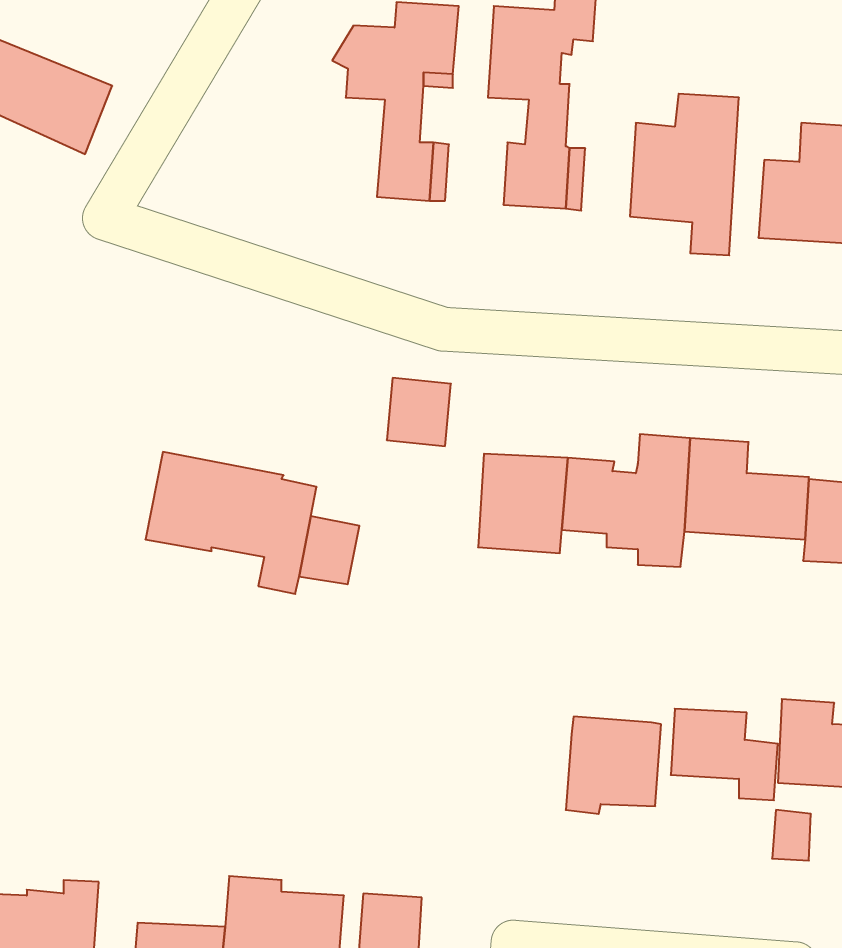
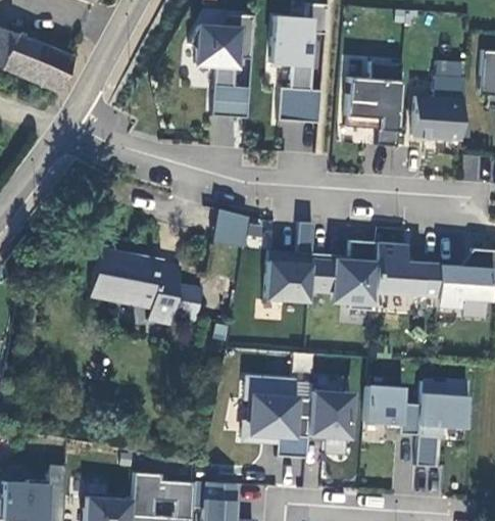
building: none -> [245,375,313,456]

